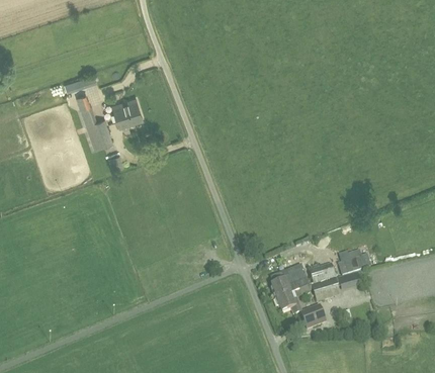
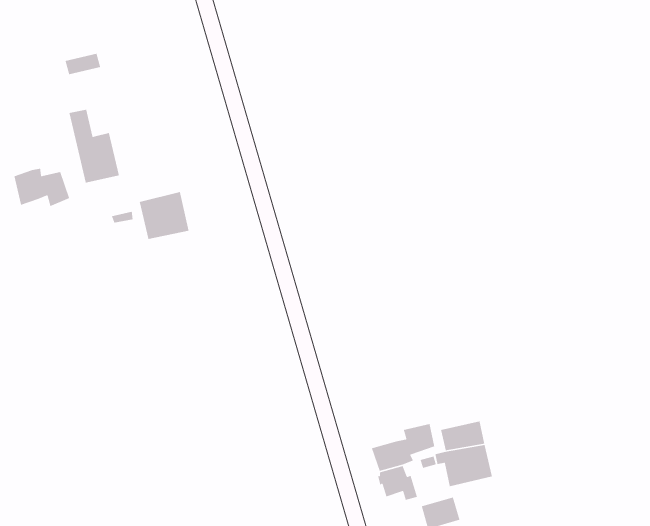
building: [112,96,143,125] -> [139,191,189,240]
building: none -> [13,168,70,207]
building: [338,248,371,273] -> none

